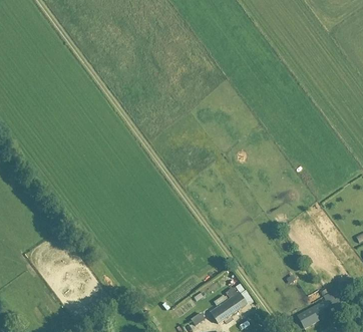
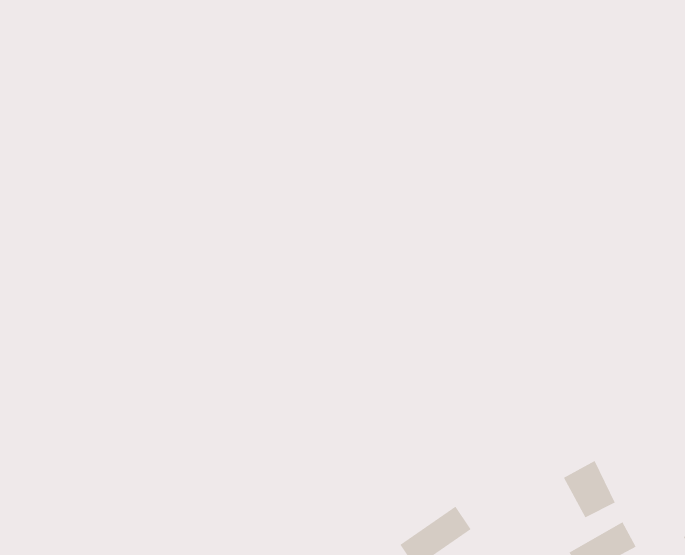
building: none -> [563,460,615,518]

